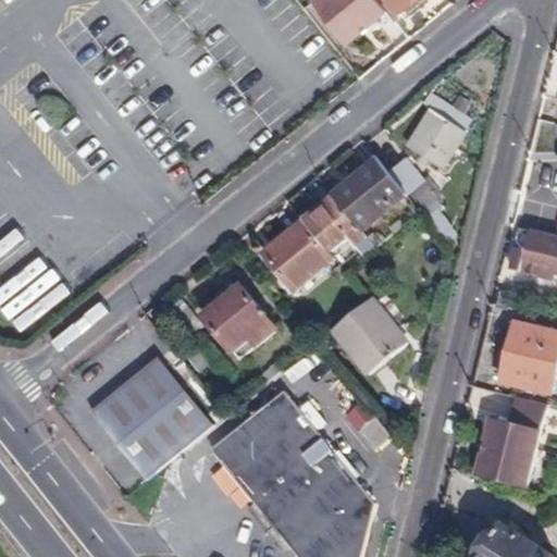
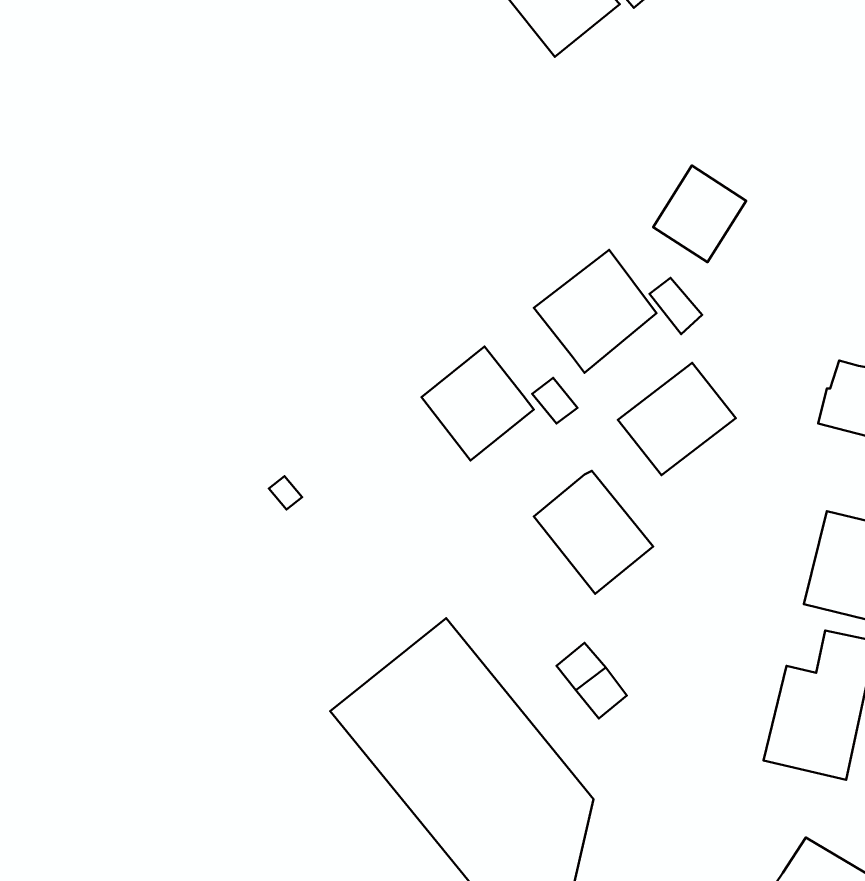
building: [301,196,356,250] -> none
building: none -> [618,363,736,475]
building: [200,284,273,358] -> none
building: [88,355,212,479] -> none

